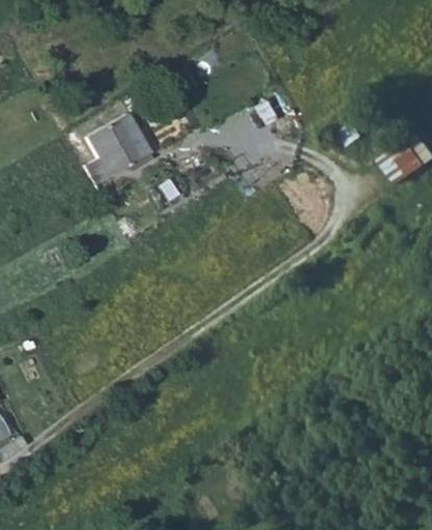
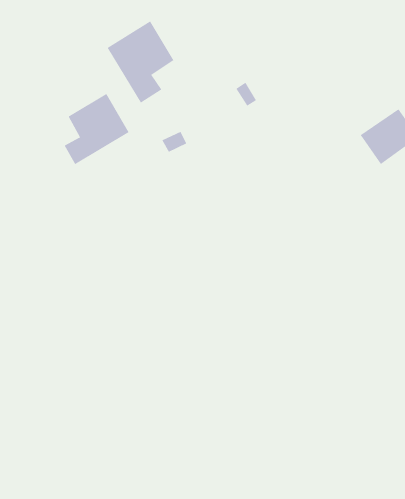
building: none -> [107,20,174,103]

